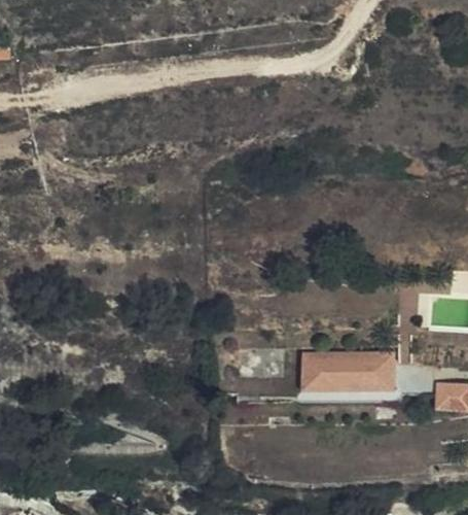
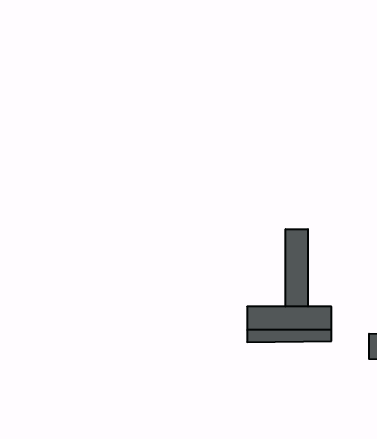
building: none -> [286,229,308,307]

